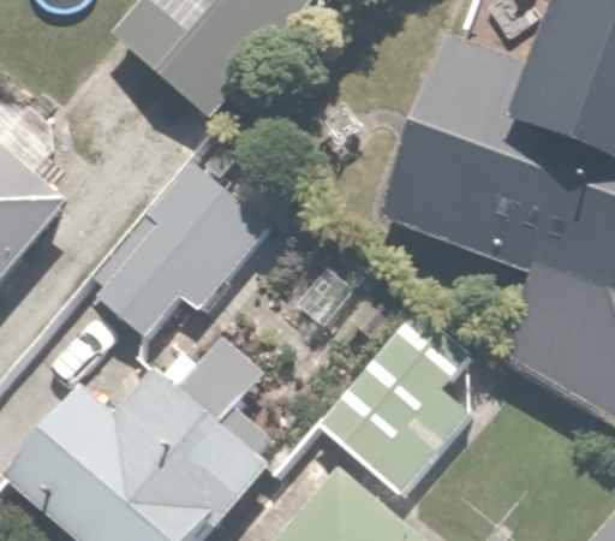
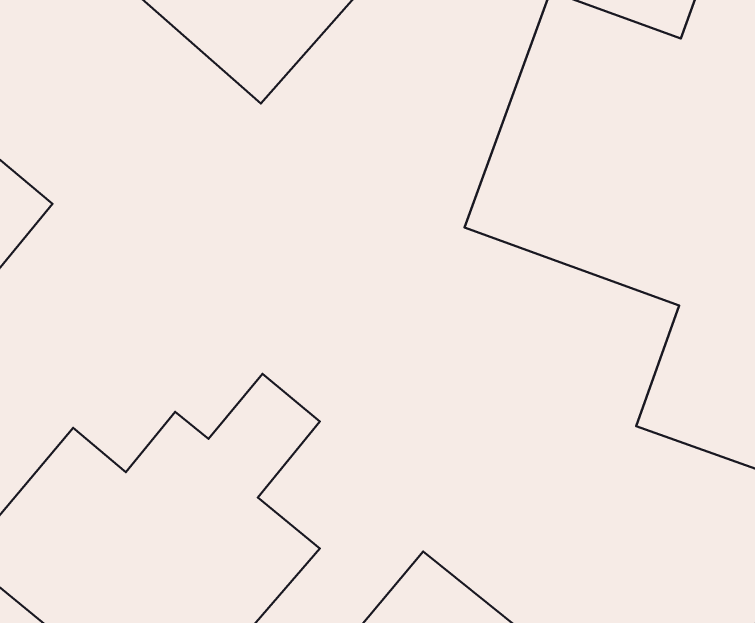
building: [94,162,262,331] -> none
building: [316,311,500,499] -> none

